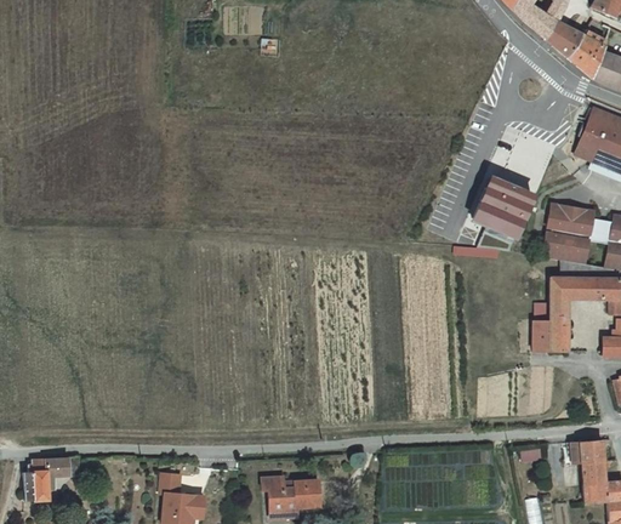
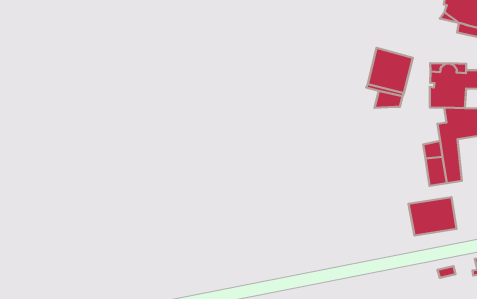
building: none -> [409,197,456,236]

